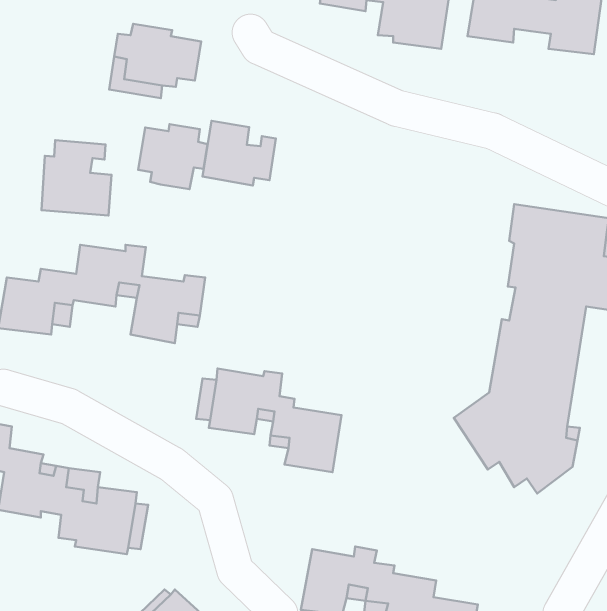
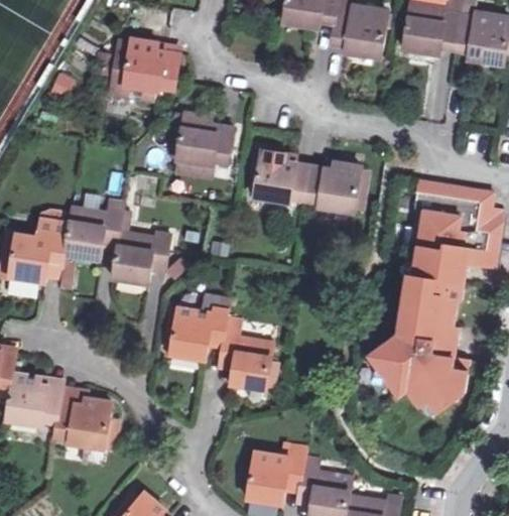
building: [138,124,208,189] -> none
building: [42,140,111,216] -> none
building: none -> [245,147,358,207]

